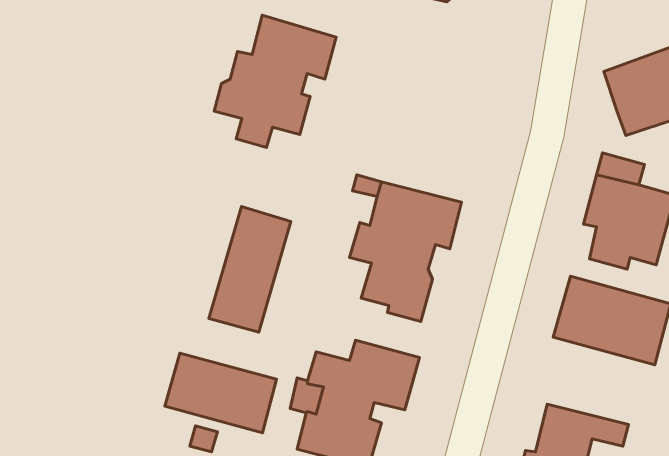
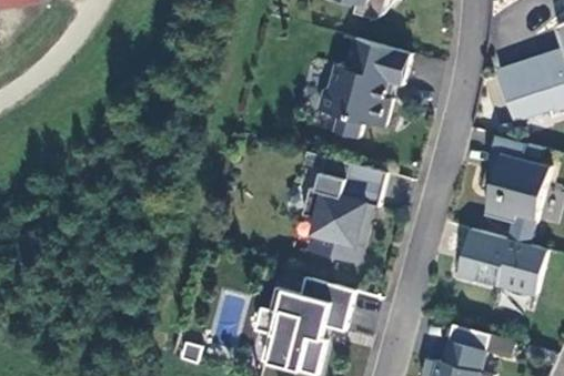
building: [214,15,336,147] -> [318,37,411,138]
building: [209,207,291,332] -> none
building: [165,353,276,433] -> none

